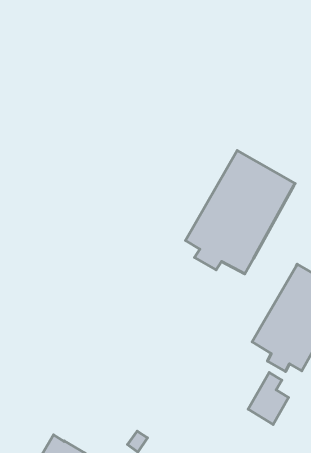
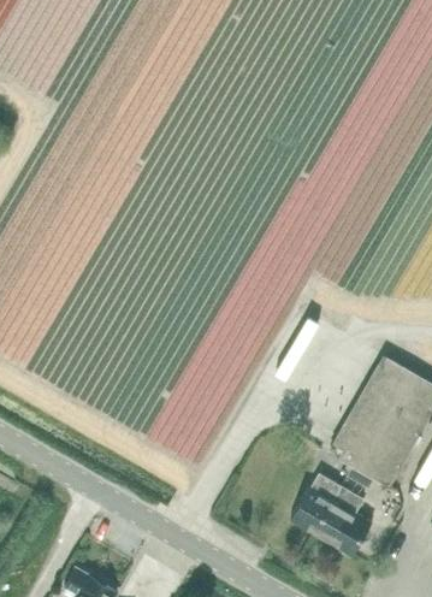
building: [185,151,295,274] -> none
building: none -> [291,473,349,537]

